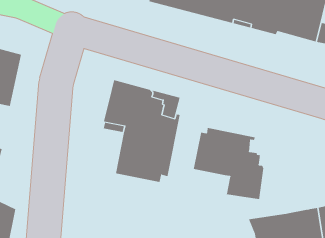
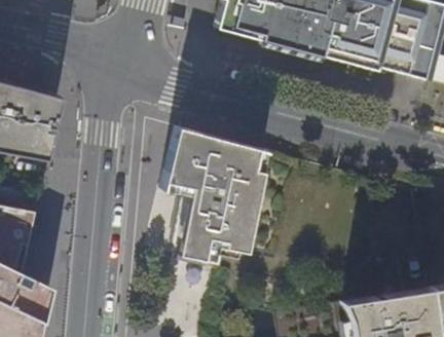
building: [193,127,268,200] -> none

